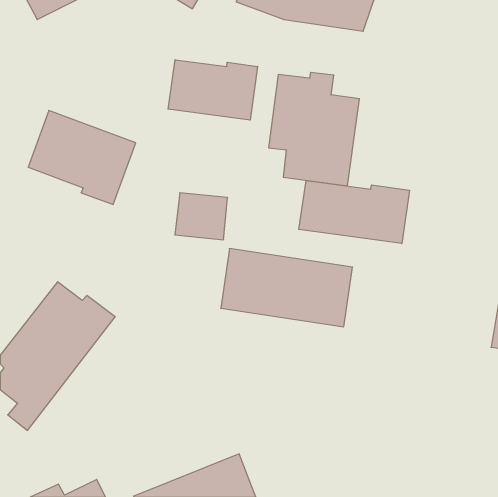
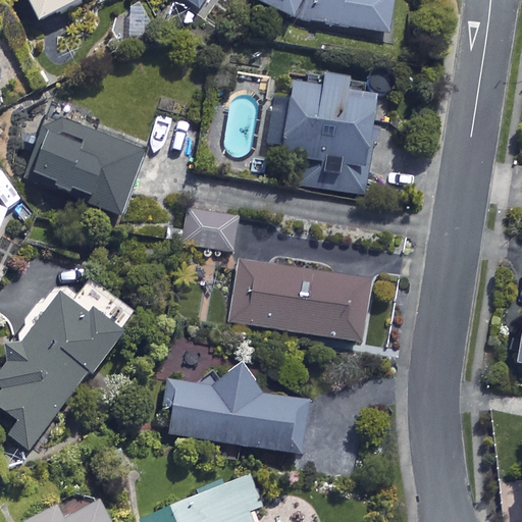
building: [168,60,258,120] -> none
building: [299,181,409,244] -> none
building: none -> [164,366,320,453]

